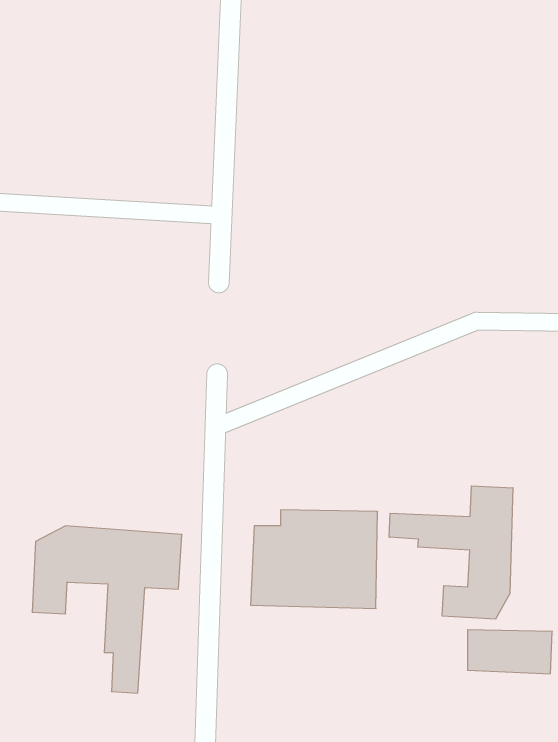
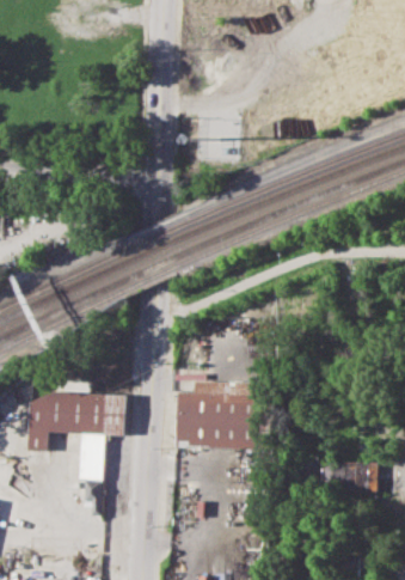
building: [389,486,513,619] -> none

